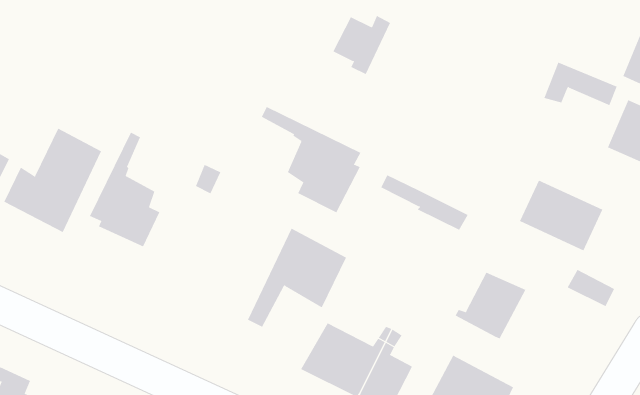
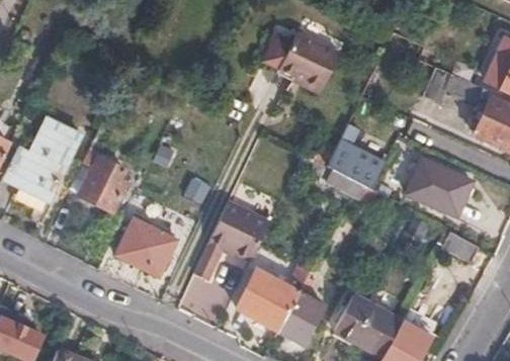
building: none -> [287,37,339,94]
building: [261,106,361,213] -> none
building: none -> [329,124,385,189]
building: none -> [115,219,177,275]
building: [455,272,526,339] -> none

